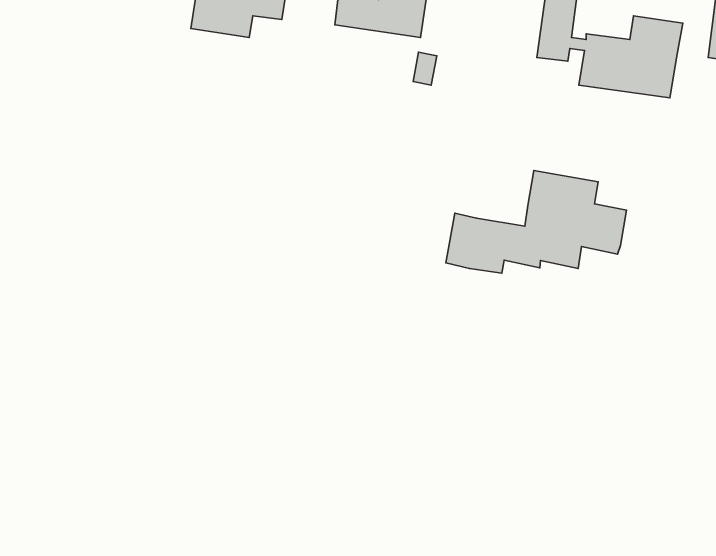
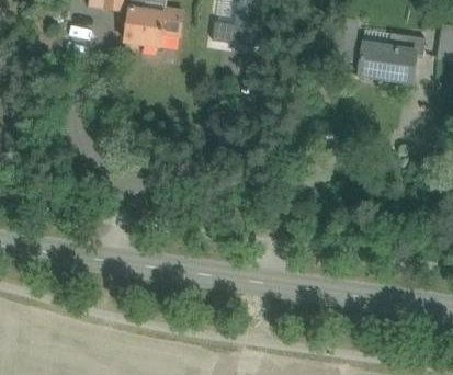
building: [446,171,626,273] -> none

